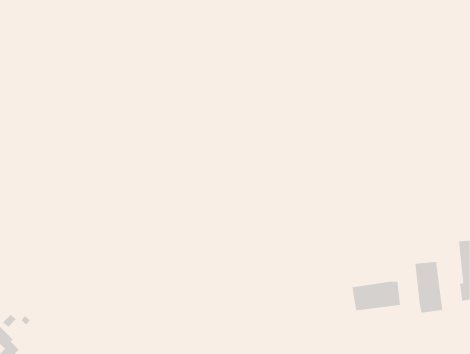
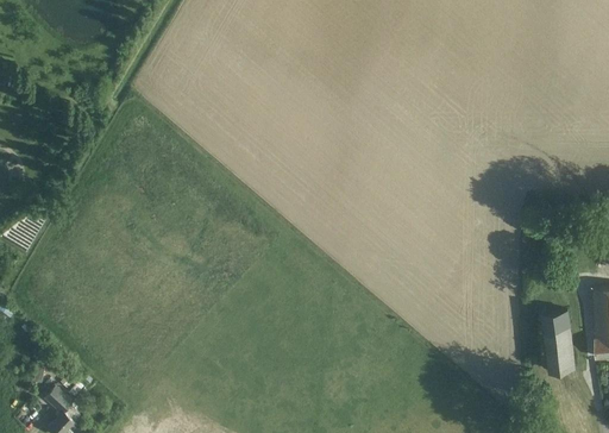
building: [352,281,401,311] -> none

